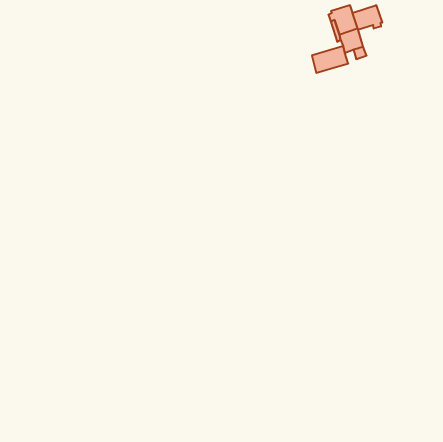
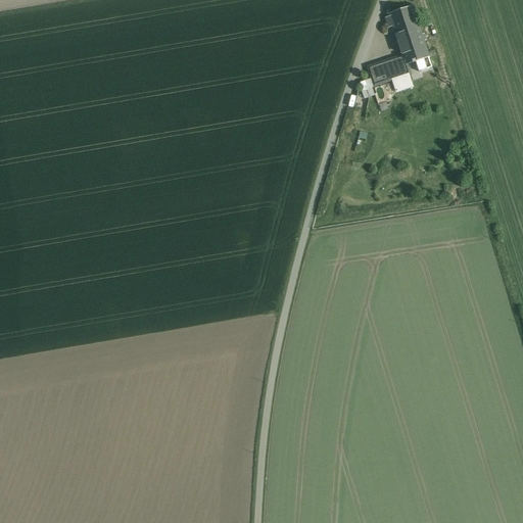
building: [353,5,382,30] -> none

